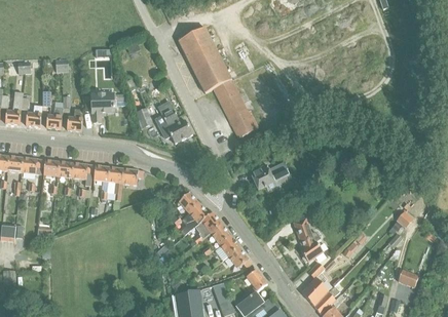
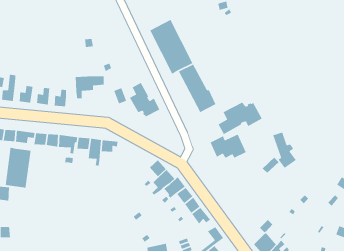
building: none -> [217,101,263,135]
building: none -> [5,147,31,189]
building: [293,217,322,262] -> [272,131,297,169]

